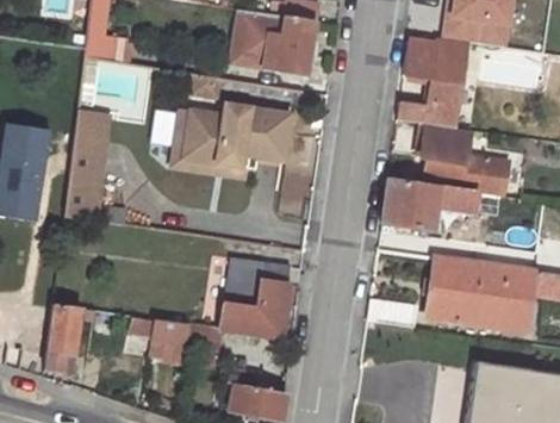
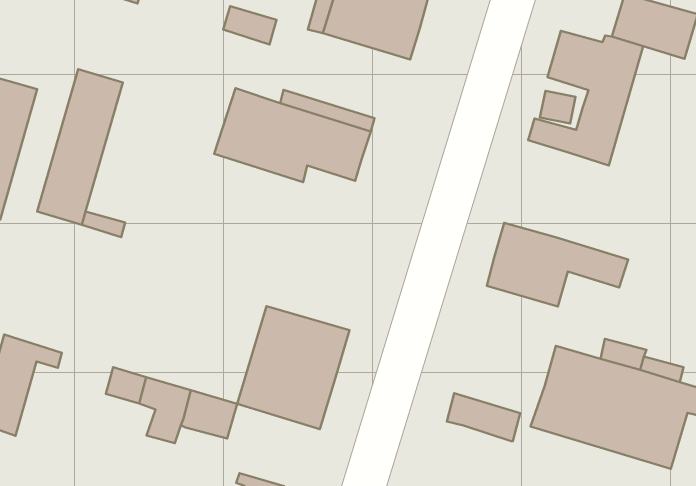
building: [168,107,244,179] -> none
building: [421,122,508,193] -> none

